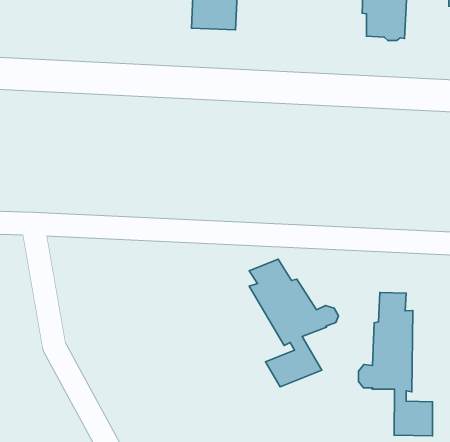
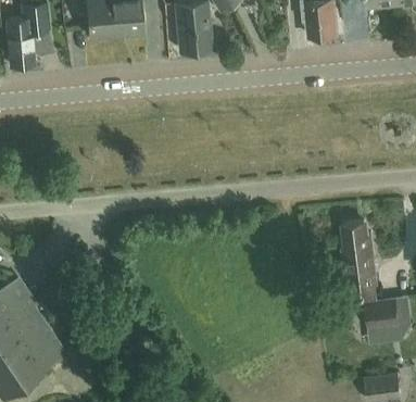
building: [249,259,338,387] -> none

